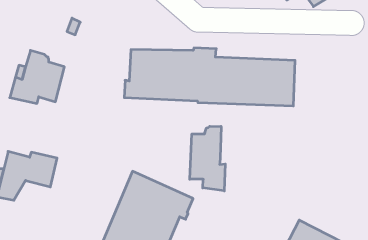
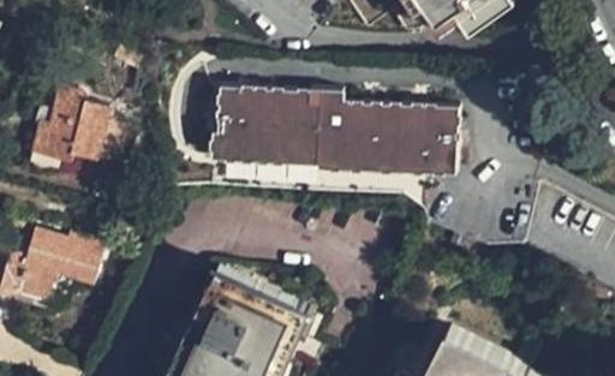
building: [190,126,225,191] -> none

